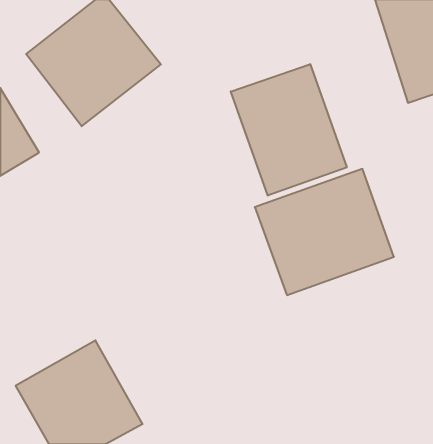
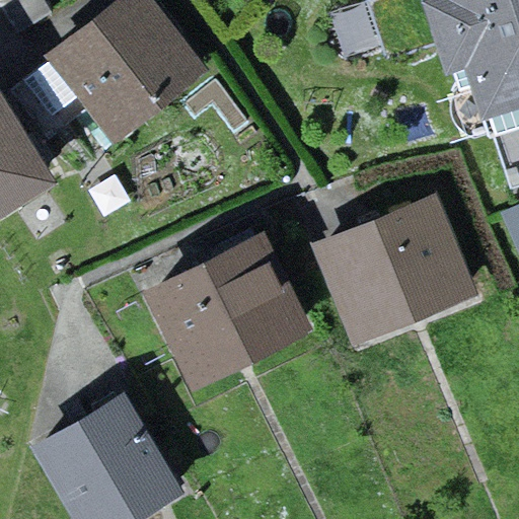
building: [231,64,347,196] -> none
building: none -> [147,239,308,387]

